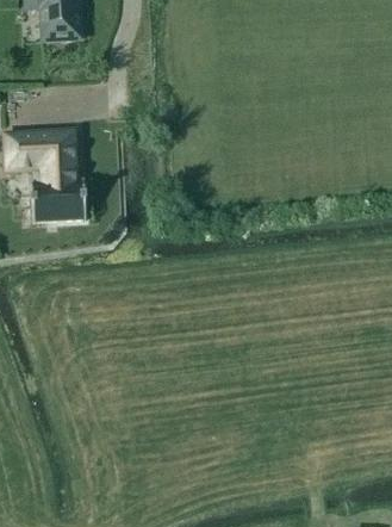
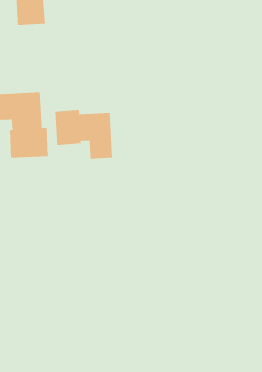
building: none -> [55,109,112,160]

